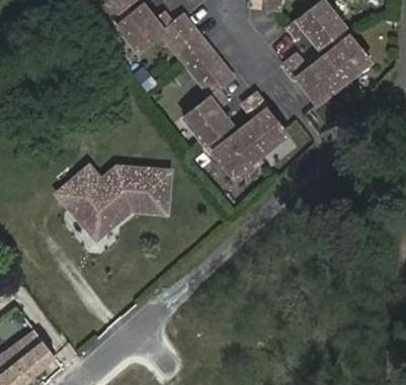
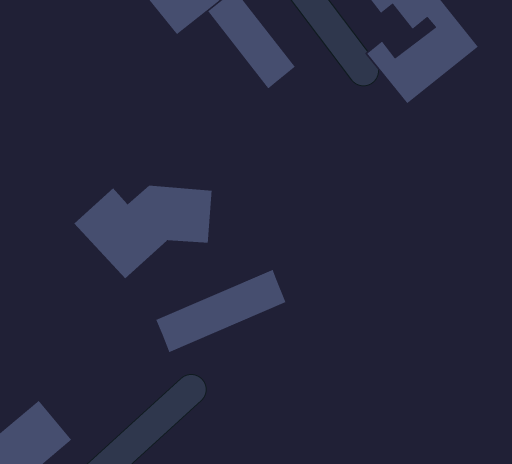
building: [182,88,288,178] -> none
building: none -> [155,269,287,353]

